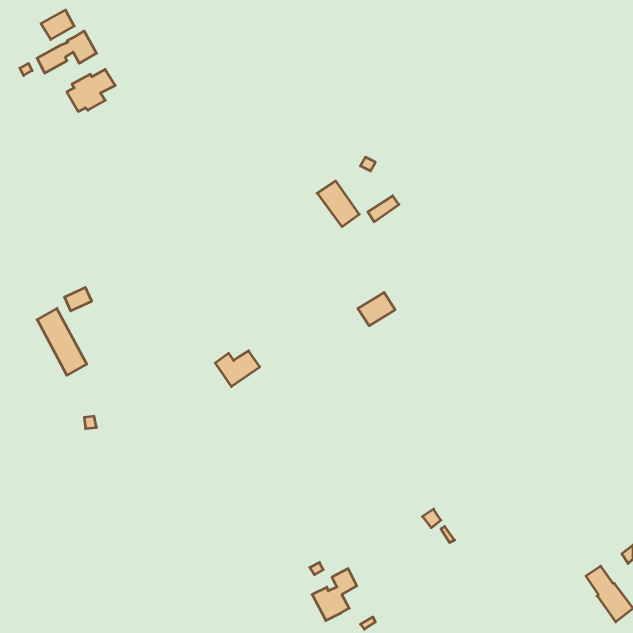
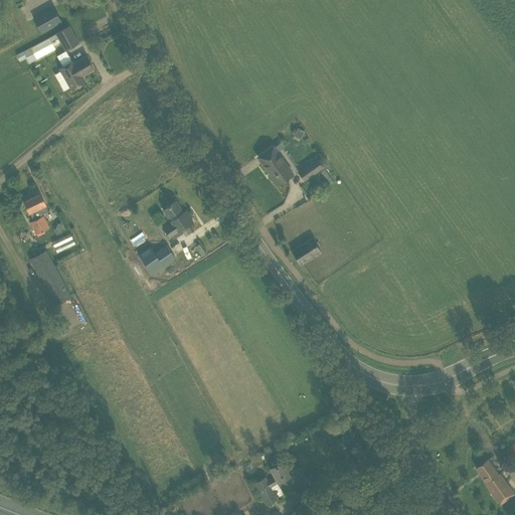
building: none -> [23,194,49,234]
building: none -> [162,200,193,237]
building: [215,351,260,387] -> [139,245,175,275]

